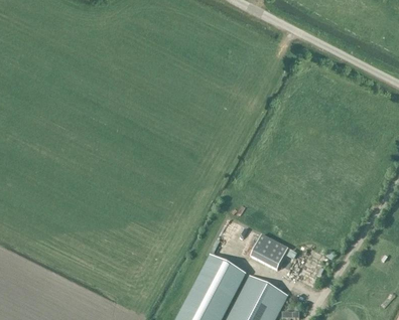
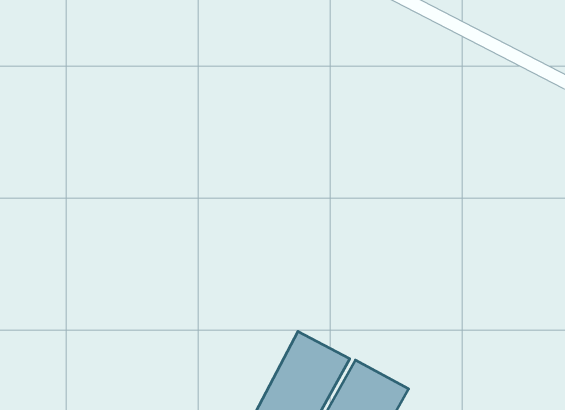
building: [250,234,288,271] -> none

